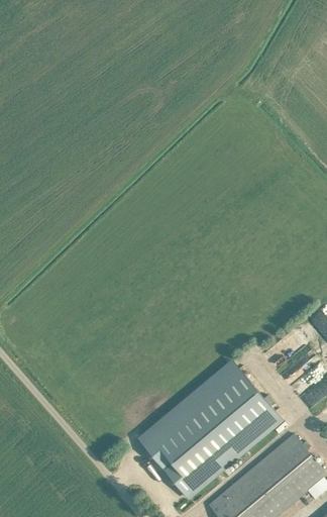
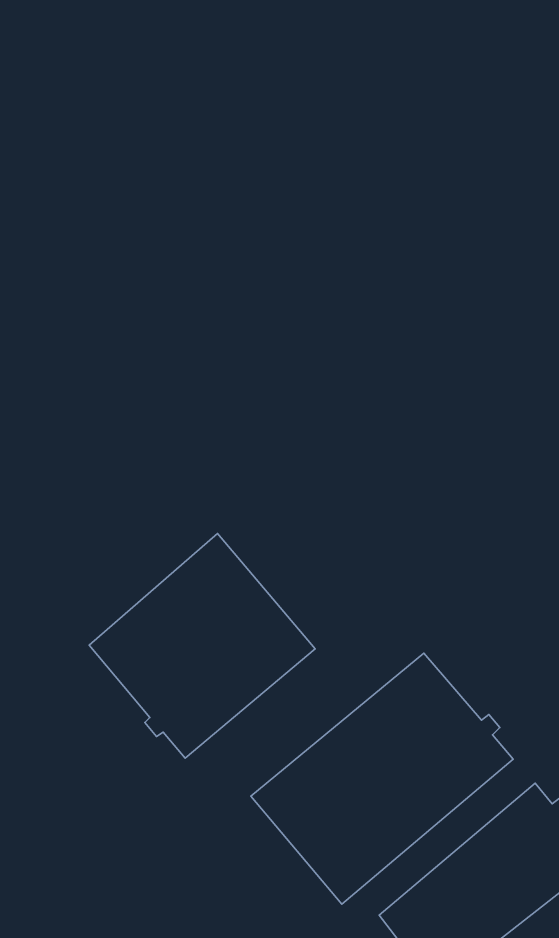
building: none -> [89,534,315,758]

